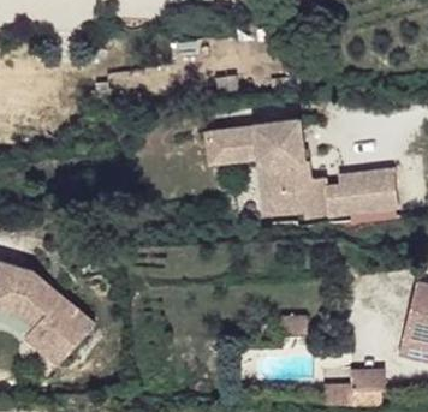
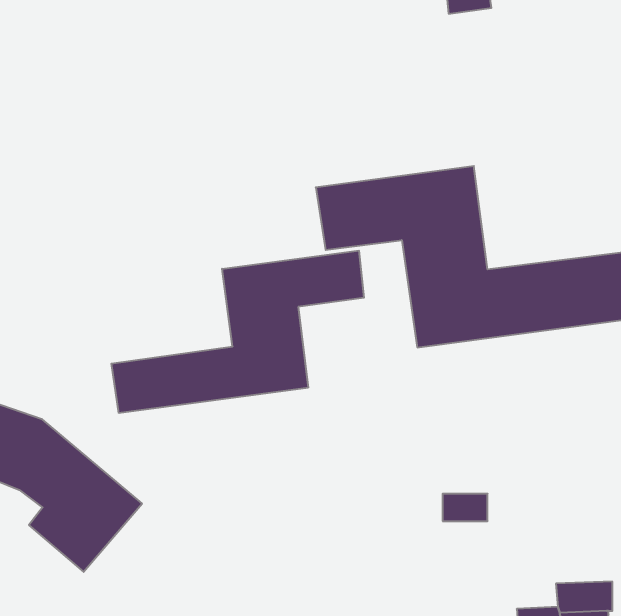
building: none -> [111,251,364,413]

